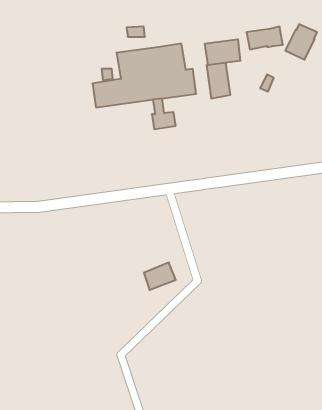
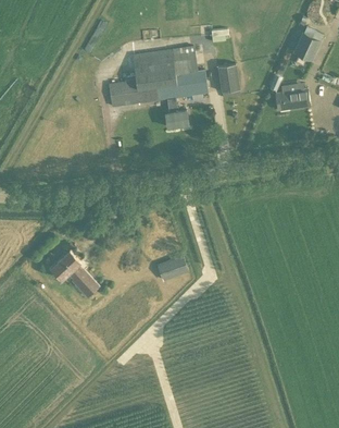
building: [246,27,283,49] -> [274,88,309,110]
building: [205,39,240,65] -> none
building: none -> [50,250,97,297]

